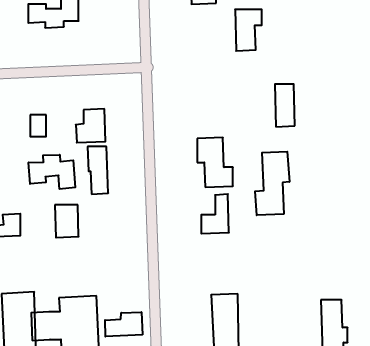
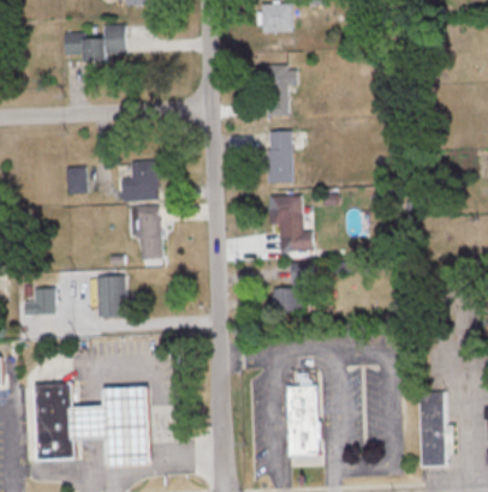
building: [235,9,262,51] -> [266,66,298,116]
building: [275,84,295,127] -> [269,131,293,182]
building: [255,152,289,215] -> none
building: [29,155,75,189] -> none
building: [105,312,142,337] -> none

